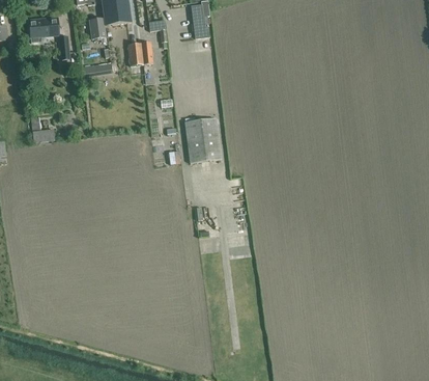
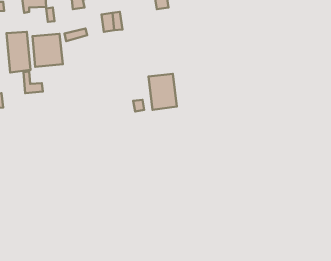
building: none -> [7,32,30,72]
building: none -> [33,34,63,67]

